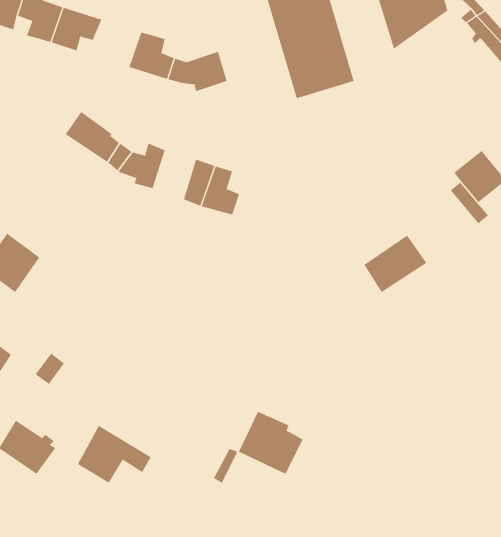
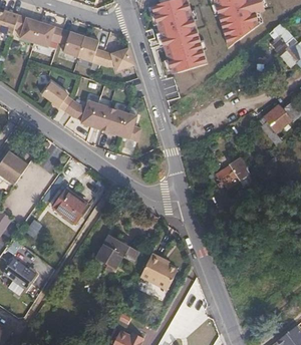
building: none -> [58,29,85,56]
building: none -> [92,103,116,131]
building: none -> [54,188,89,222]
building: [77,425,151,483] -> [95,234,137,267]

